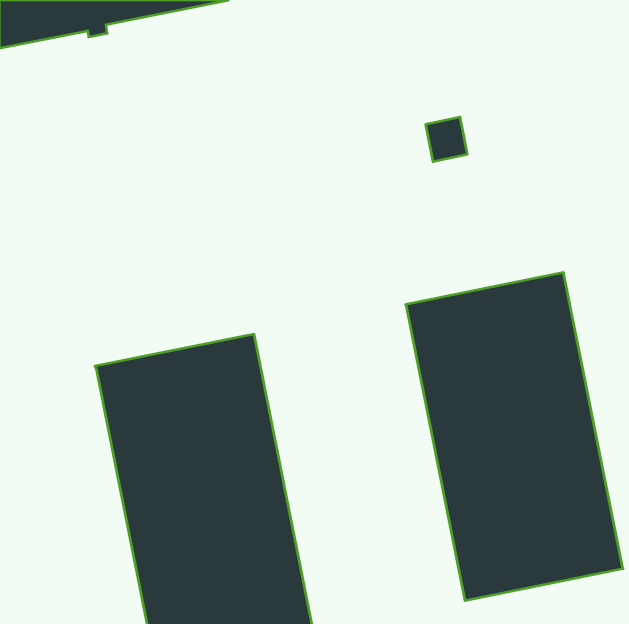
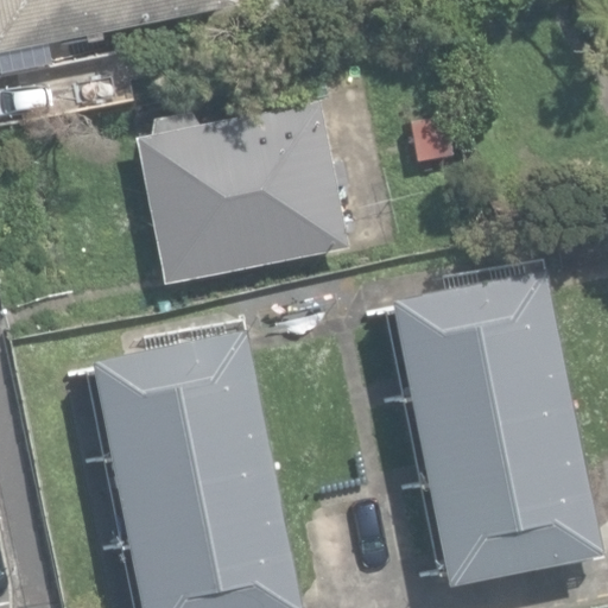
building: none -> [137,103,348,284]

